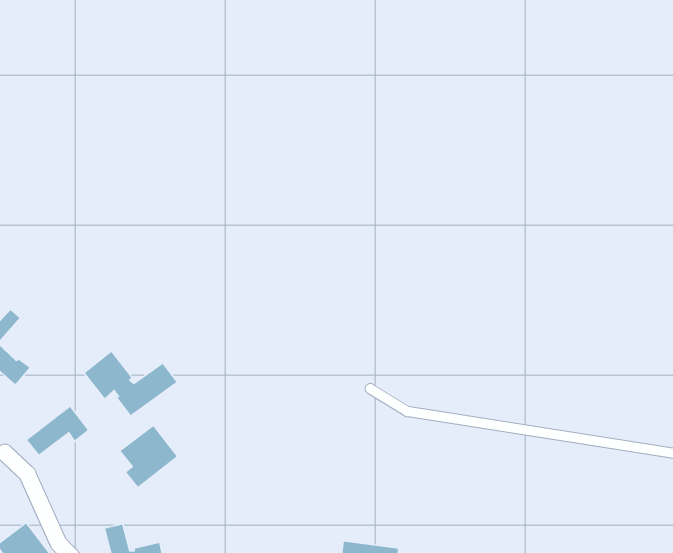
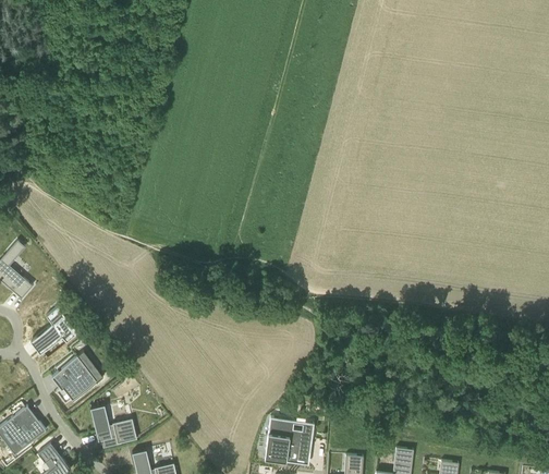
building: [84,351,177,416] -> none
building: [119,425,178,488] -> [51,356,96,404]

